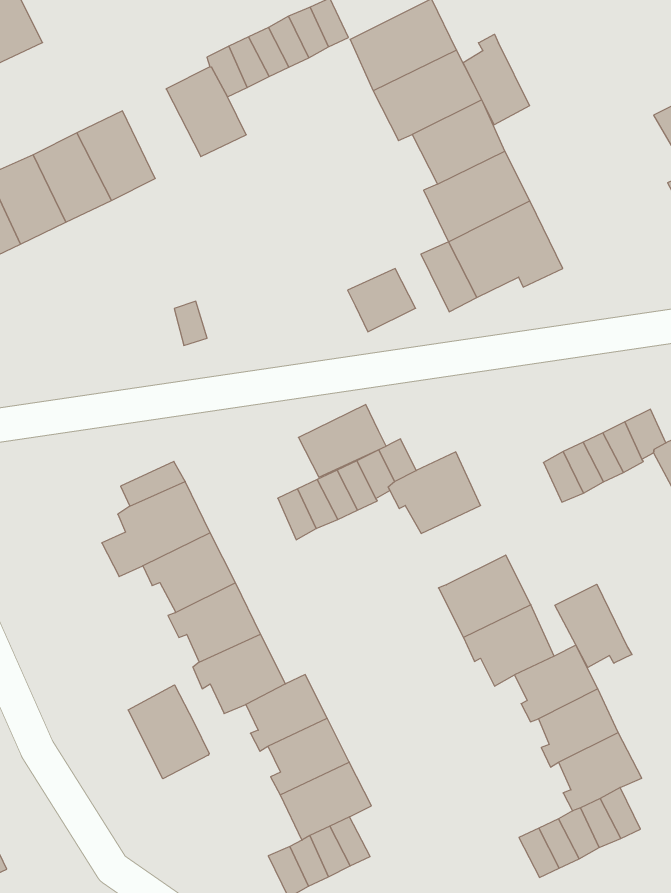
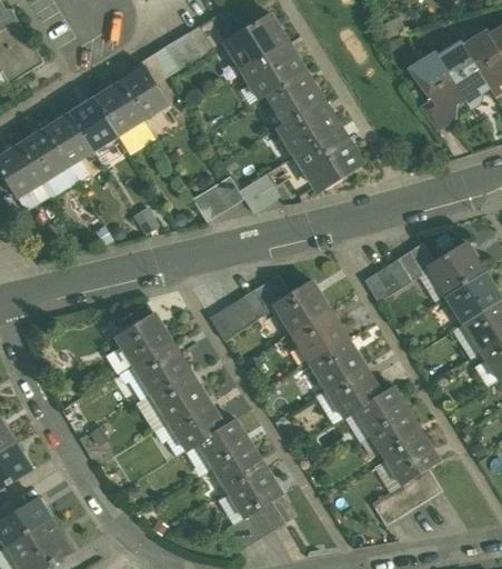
building: [463,34,529,125] -> none
building: none -> [94,82,143,136]
building: [298,405,386,477] -> [191,176,243,221]
building: none -> [291,309,347,358]
building: [555,584,632,668] -> none
building: [128,685,209,779] -> none

